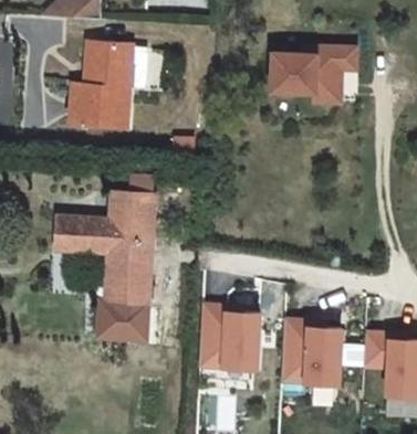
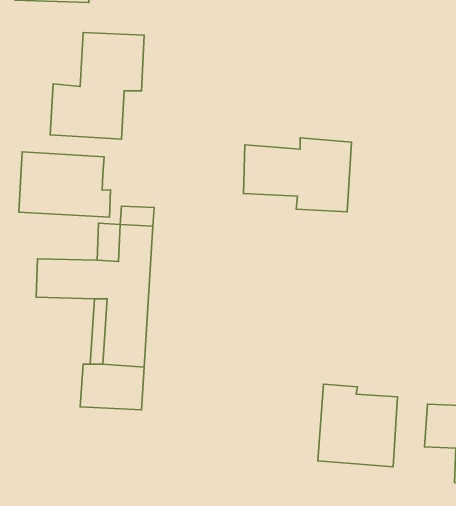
building: [272,46,356,104] -> [243,138,352,212]
building: none -> [19,152,111,217]
building: [197,299,259,362] -> none

